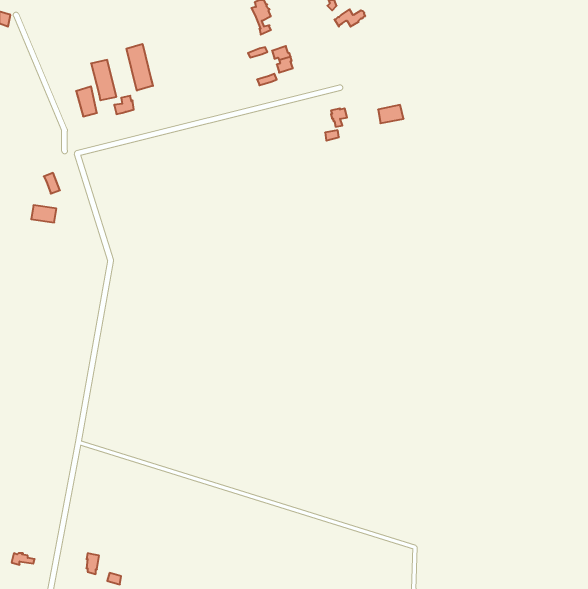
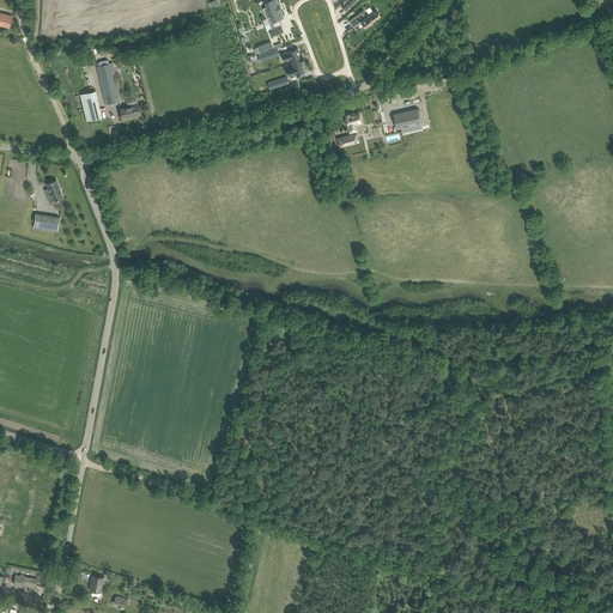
building: [126,44,153,91] -> none

